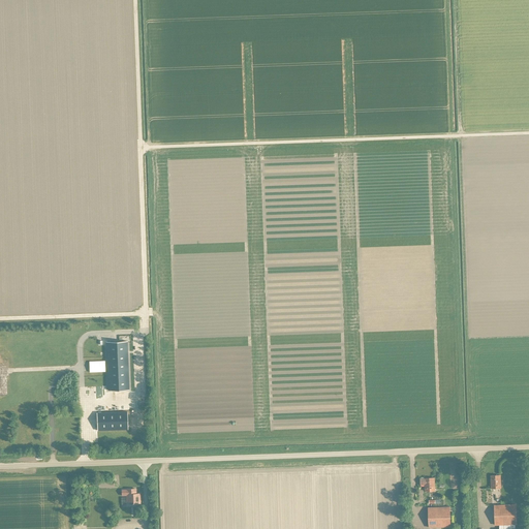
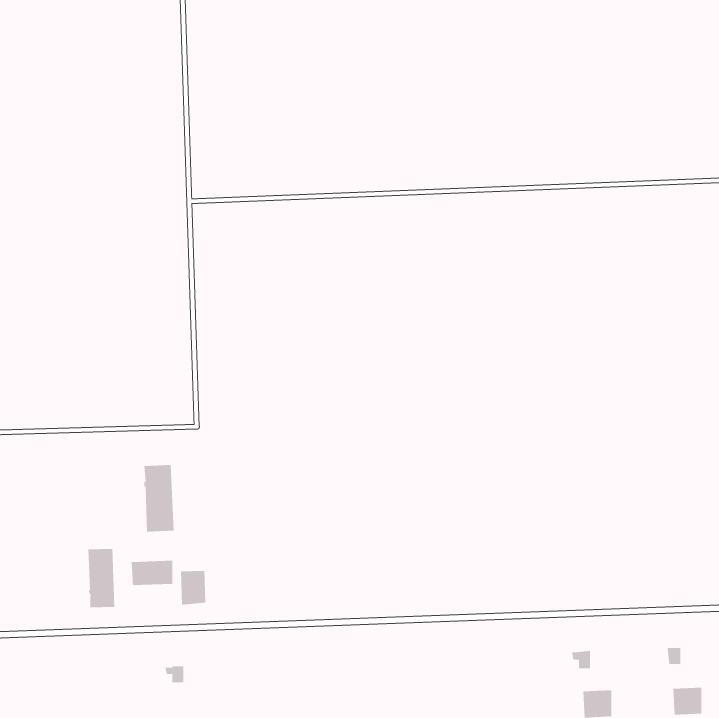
building: none -> [88,548,115,608]
building: none -> [180,570,206,605]

